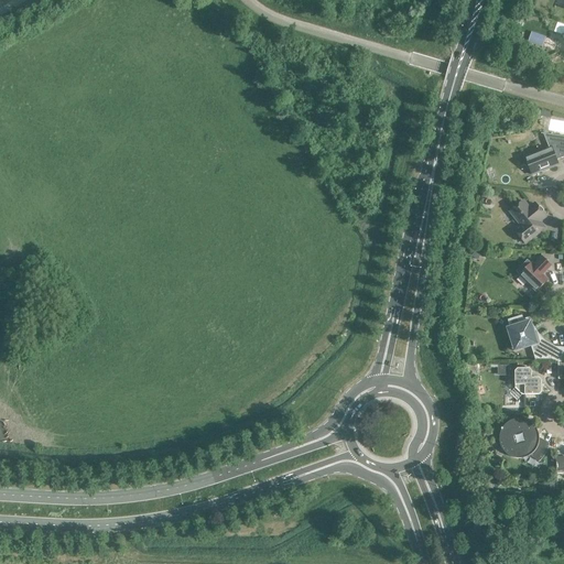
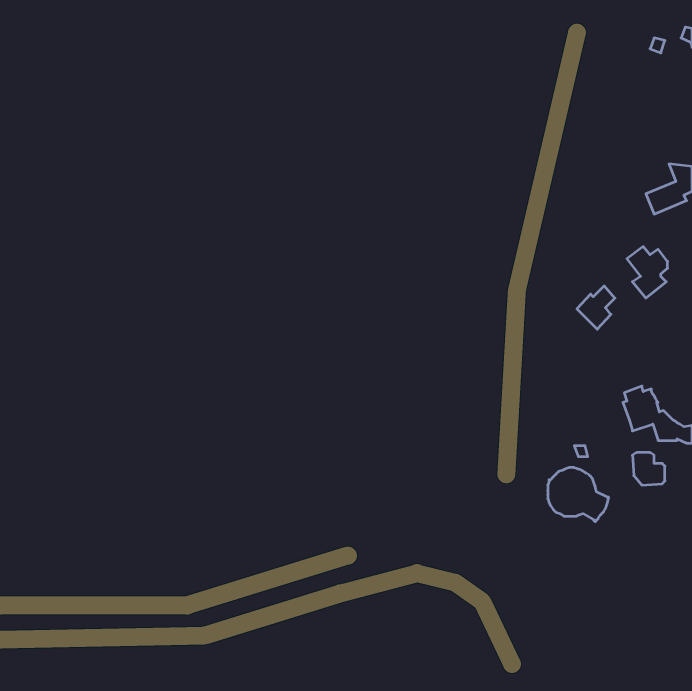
building: [520,256,551,291] -> [577,286,615,329]
building: [500,417,550,462] -> [548,468,609,522]

